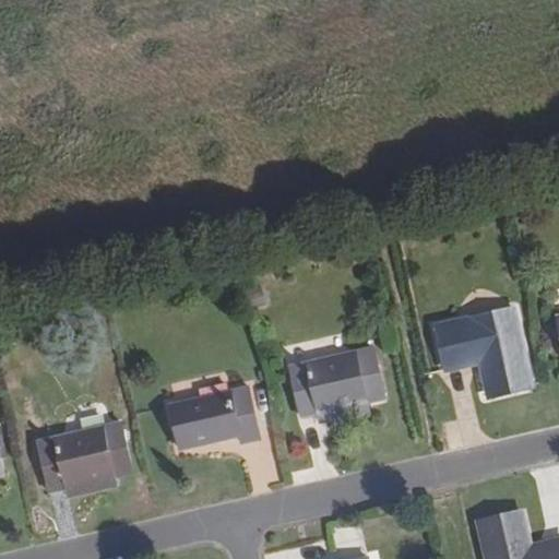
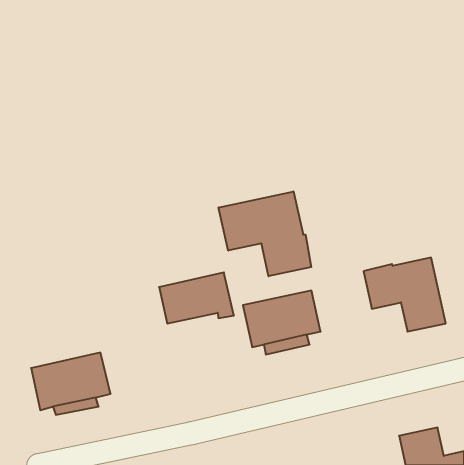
building: none -> [219,191,311,276]
building: [169,386,259,448] -> [159,272,234,324]

